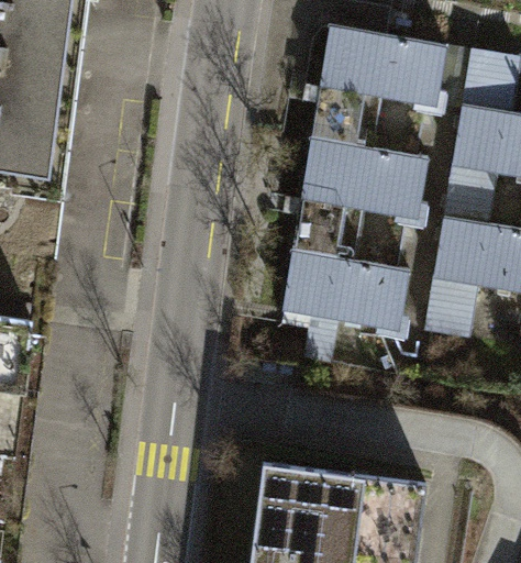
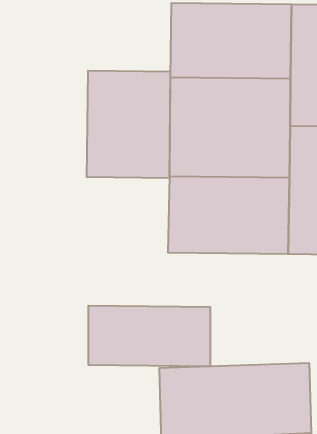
building: none -> [87,71,170,178]
building: none -> [88,306,210,367]

